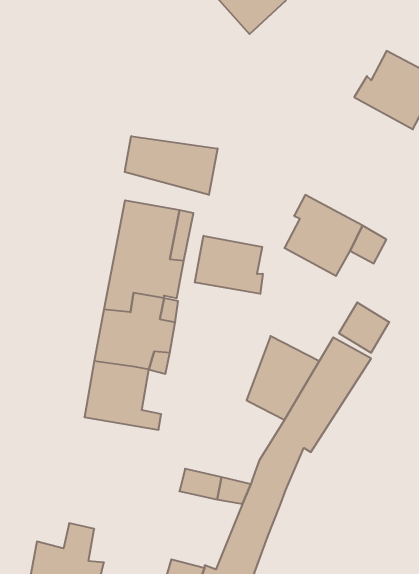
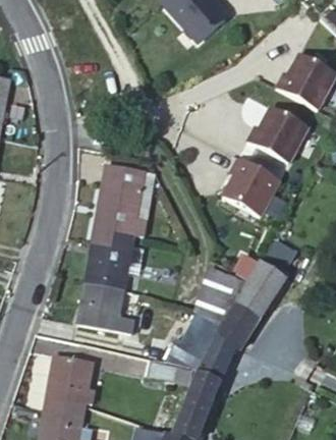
building: none -> [247,108,309,164]
building: [125,136,218,195] -> none
building: [195,236,263,294] -> none
building: none -> [165,310,223,367]
building: none -> [43,354,96,417]

